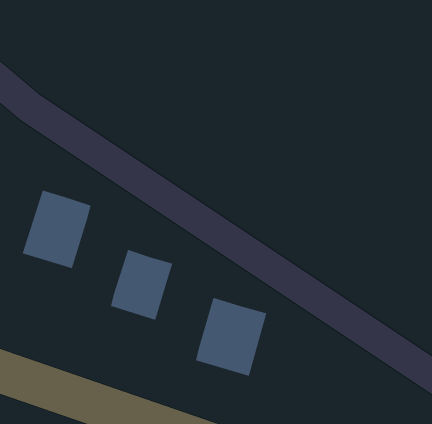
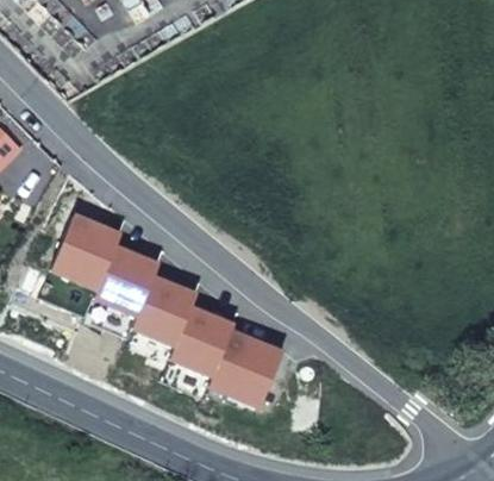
building: none -> [93,243,158,318]
building: none -> [169,305,235,377]

